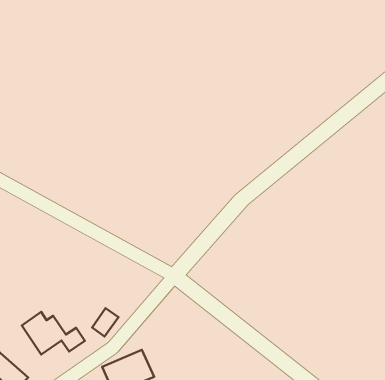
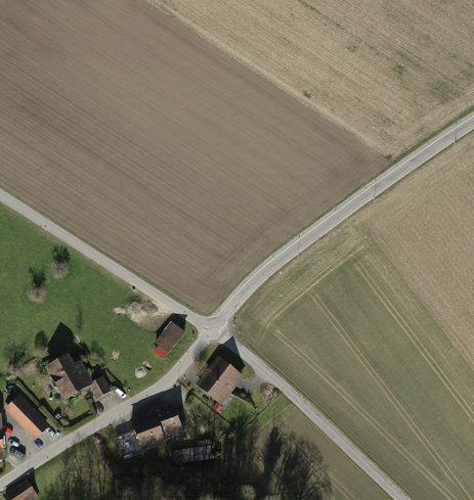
building: none -> [198,358,241,402]
building: [92,308,119,336] -> [156,322,184,352]

